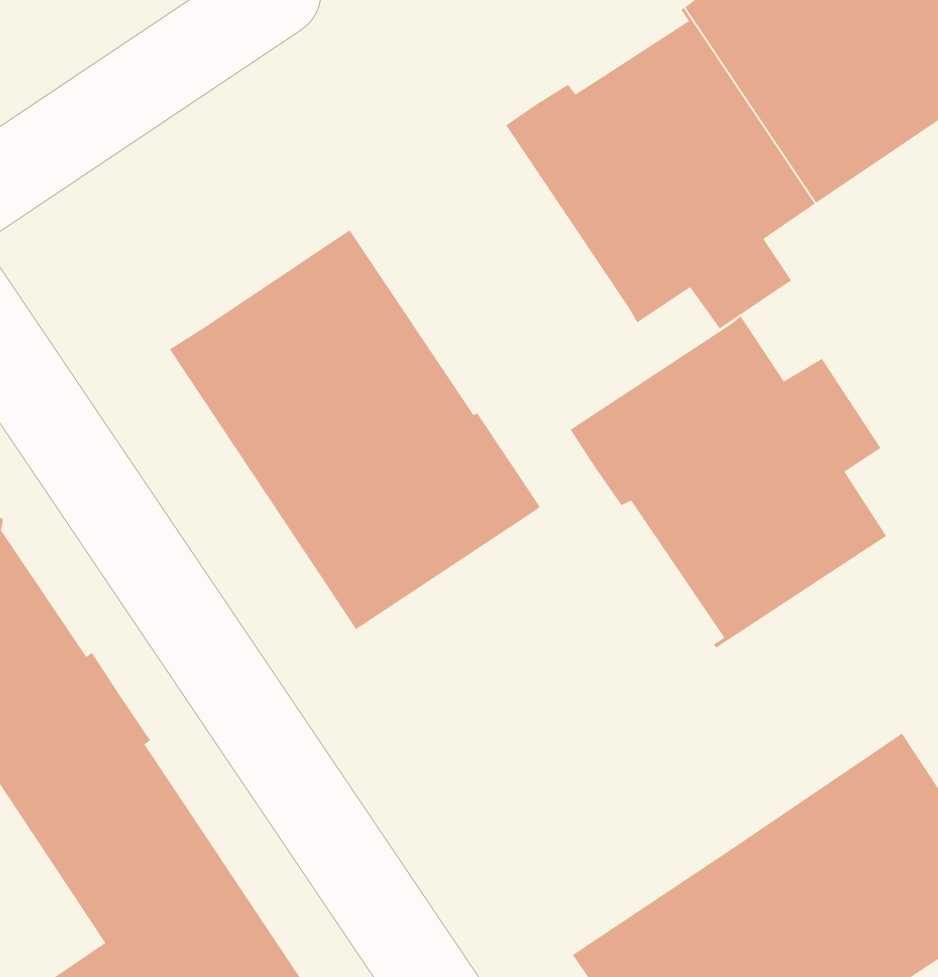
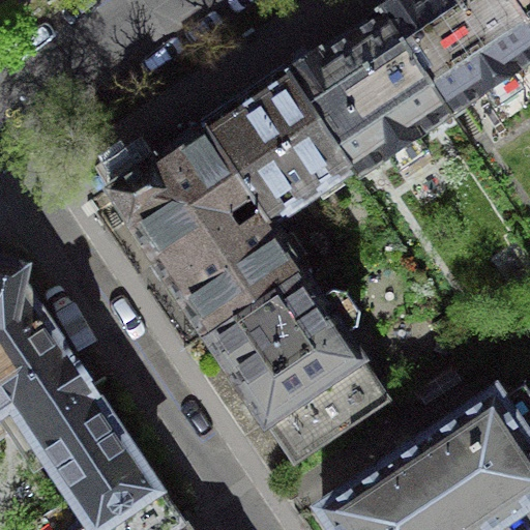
building: none -> [204,72,351,225]
building: [569,315,887,649] -> none
building: none -> [207,275,387,465]

